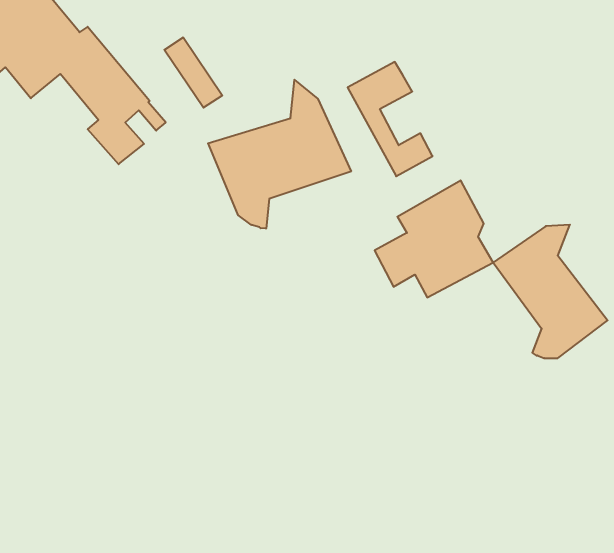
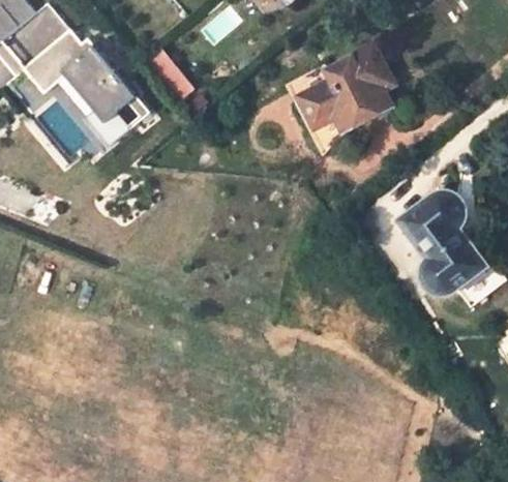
building: [208,80,351,229] -> none
building: [375,180,493,297] -> [310,47,401,137]

